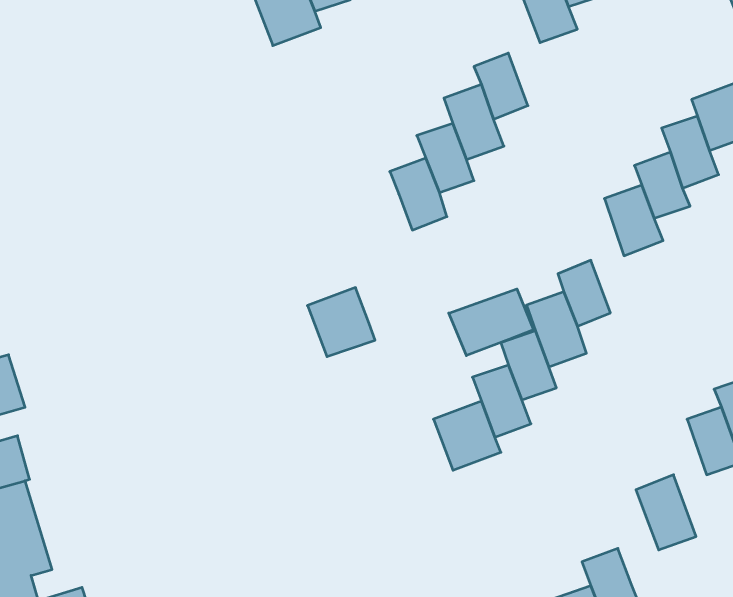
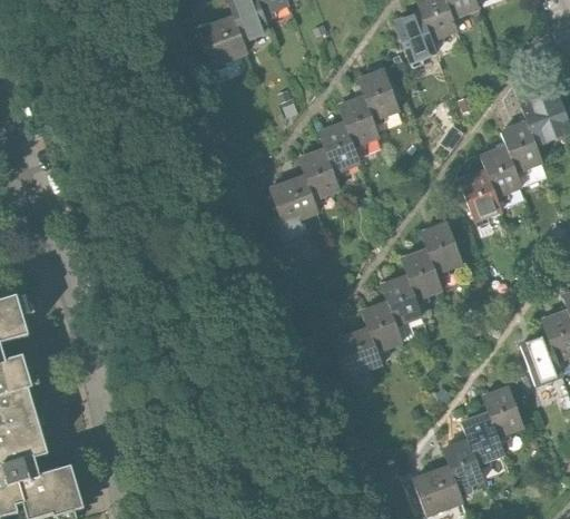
building: [307,288,375,357] -> [269,175,320,226]
building: [449,289,533,356] -> none
building: none -> [462,412,503,464]

